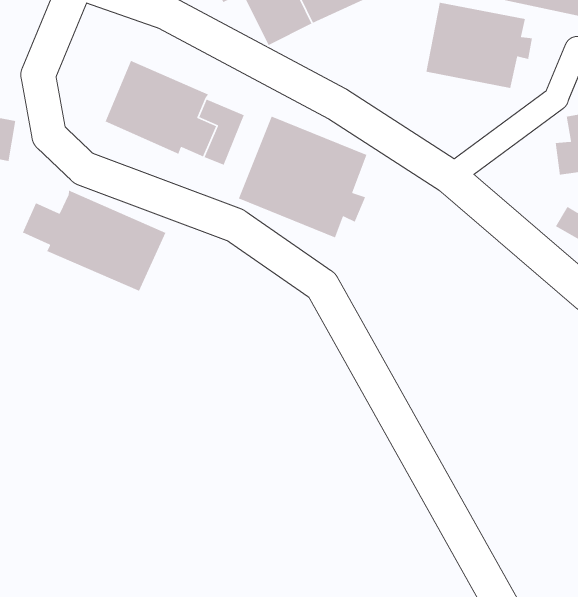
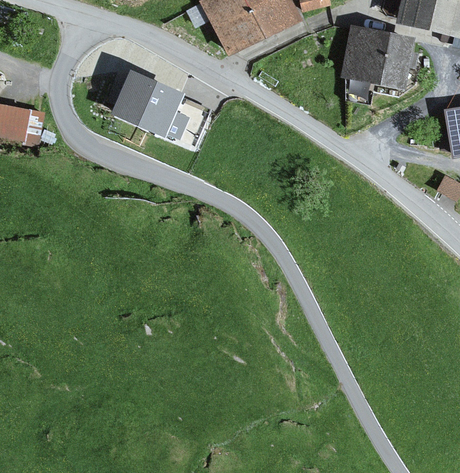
building: [238,115,368,239] -> none
building: [22,190,167,292] -> none

